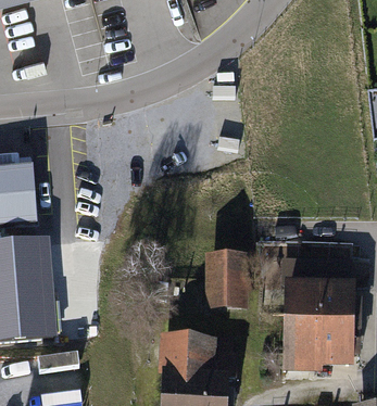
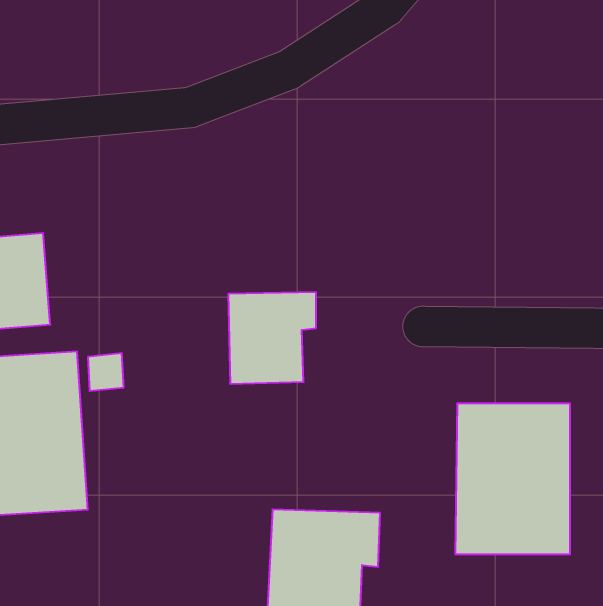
building: [199,250,252,305] -> [228,292,316,384]

